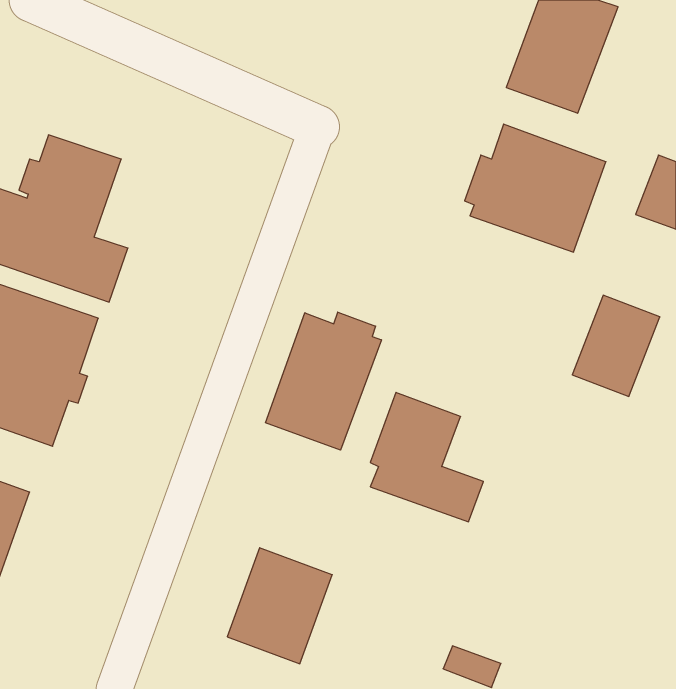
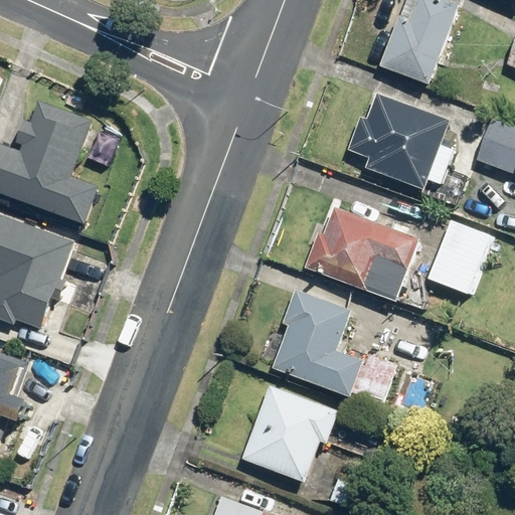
building: none -> [304,202,422,293]
building: [266,312,381,450] -> none
building: [227,548,332,664] -> [248,391,327,478]

